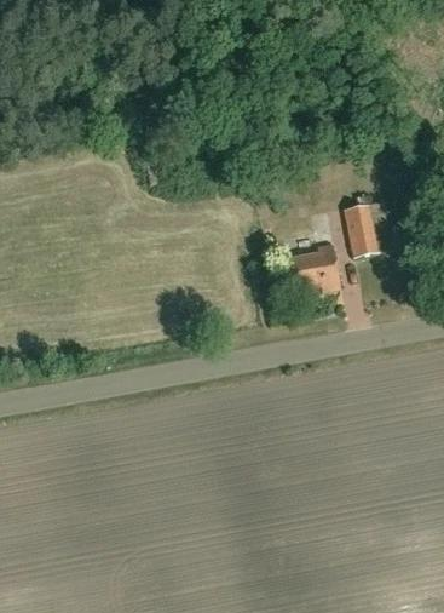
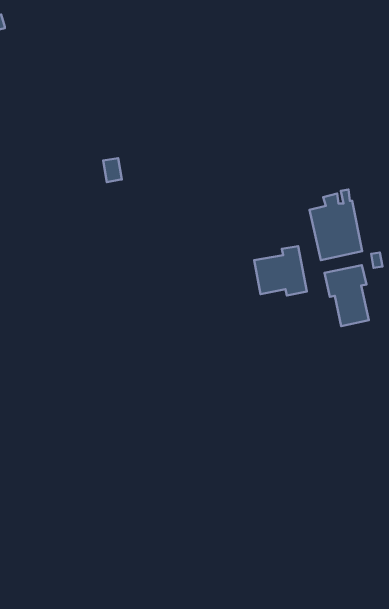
building: none -> [325,265,369,326]

